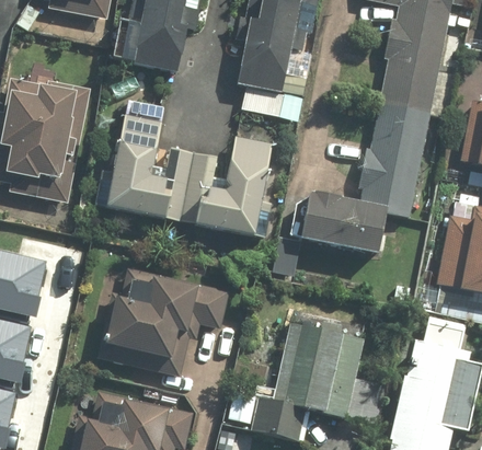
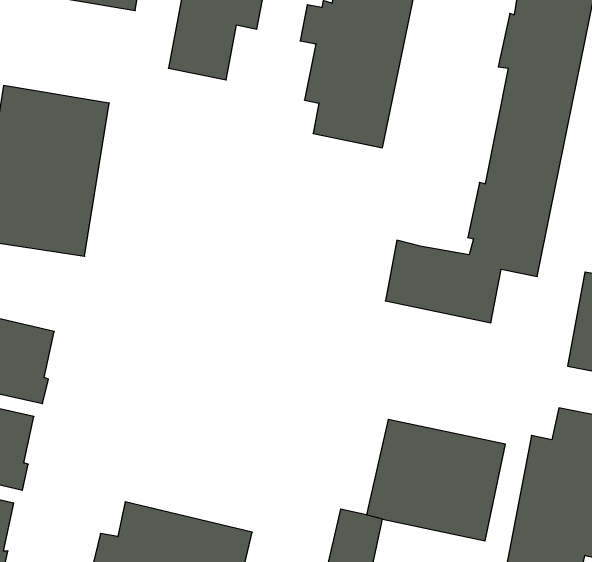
building: [105,116,271,232] -> none
building: [97,266,232,376] -> none

